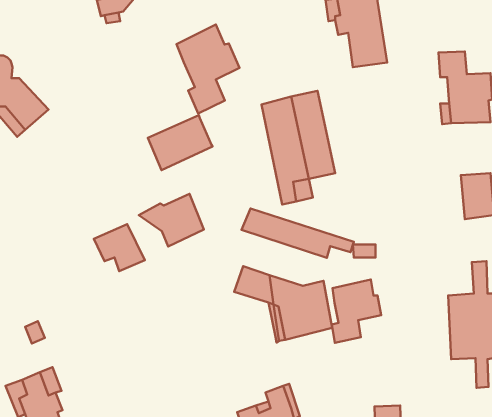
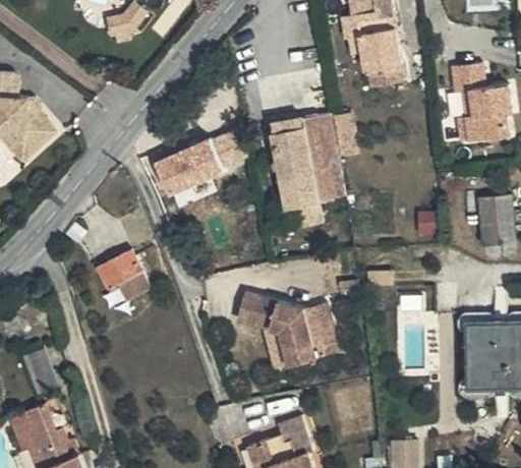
building: [176,24,240,113] -> none
building: none -> [208,127,246,167]
building: [139,194,204,247] -> none
building: [242,208,354,258] -> none
building: [332,279,381,343] -> none

